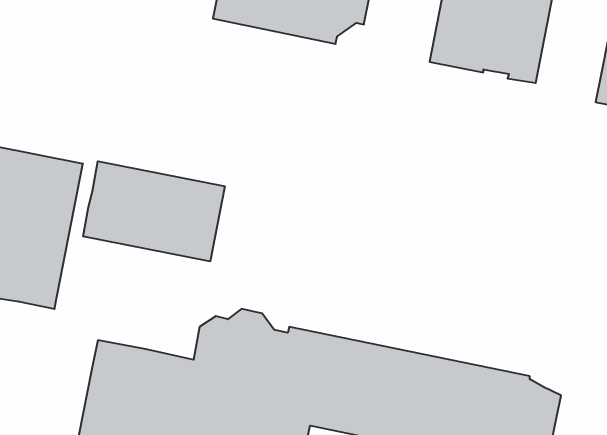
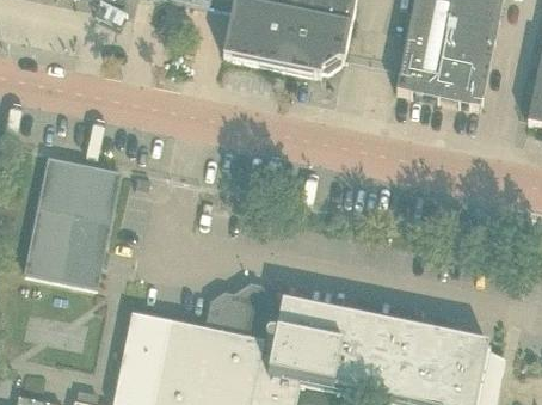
building: [83,161,225,261] -> none

